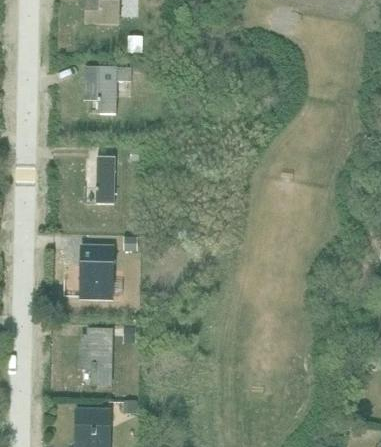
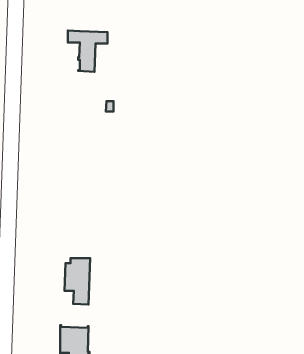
building: [95,157,114,204] -> none
building: [80,247,112,295] -> none

